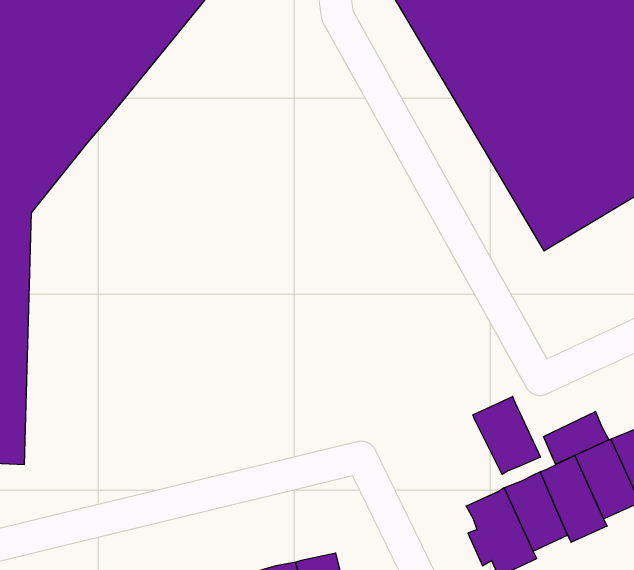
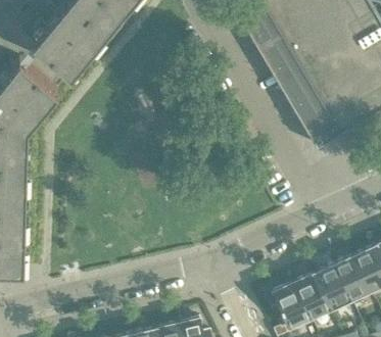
building: [473,396,540,474] -> none
building: [543,411,609,464] -> none

